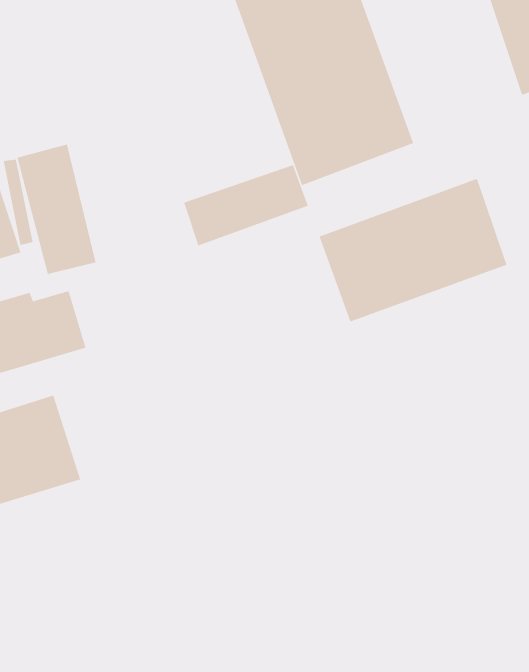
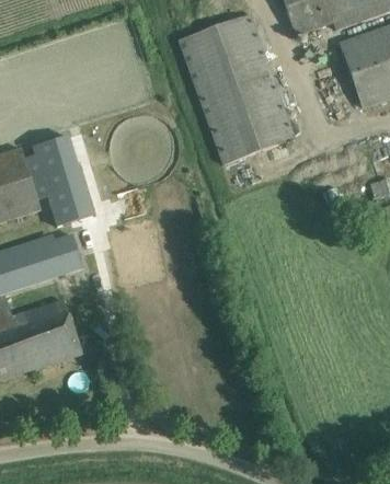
building: [183,164,309,246] -> none
building: [319,178,508,322] -> none

